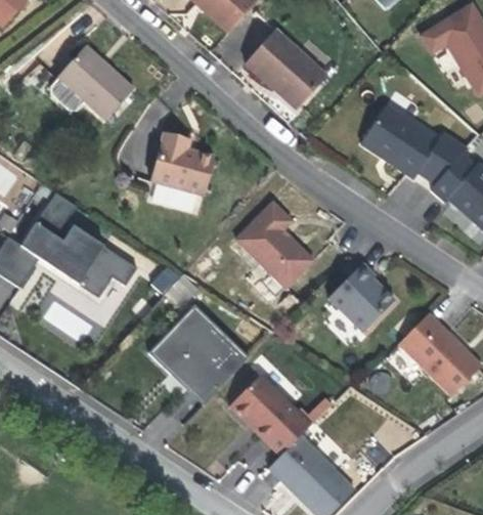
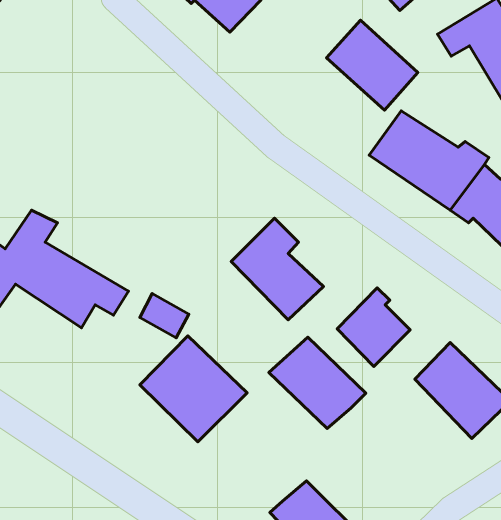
building: [246,32,327,113] -> [326,20,418,110]
building: [55,48,132,122] -> none
building: [151,136,215,197] -> none
building: [227,371,314,453] -> [269,337,366,429]

